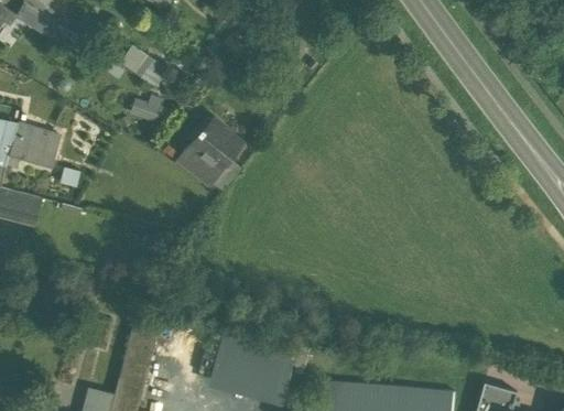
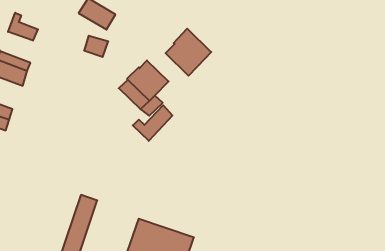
building: none -> [8,13,38,41]
building: none -> [166,29,211,76]
building: none -> [133,105,172,141]

